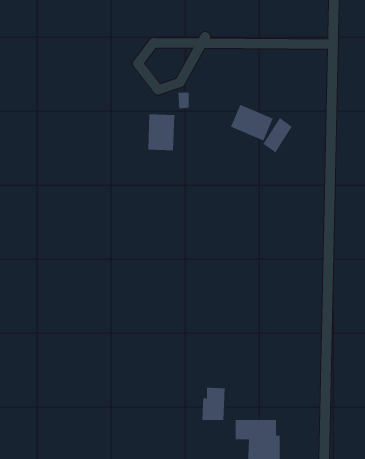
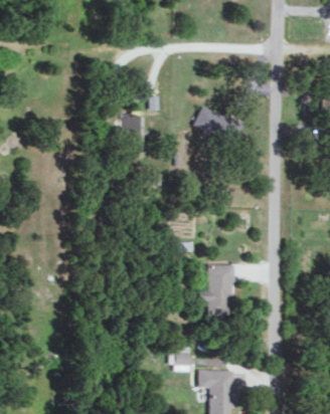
building: none -> [200,265,233,315]

